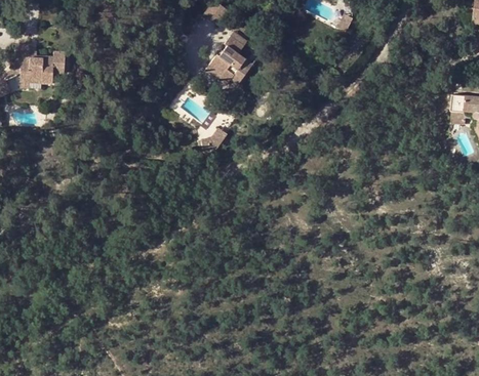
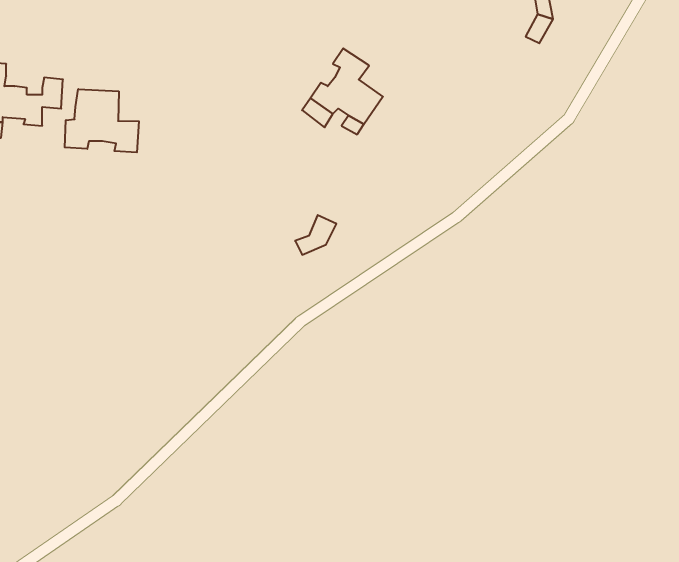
building: none -> [65,89,139,152]

